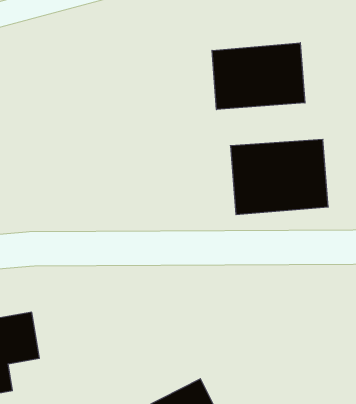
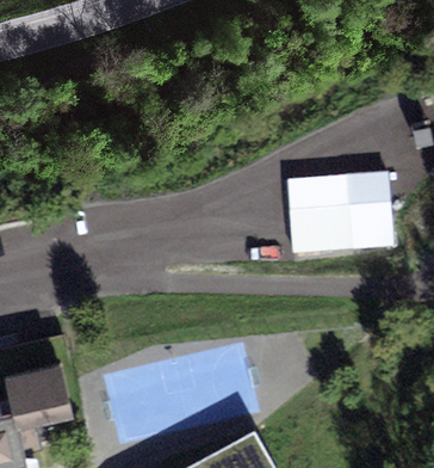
building: [212,43,305,110] -> none

